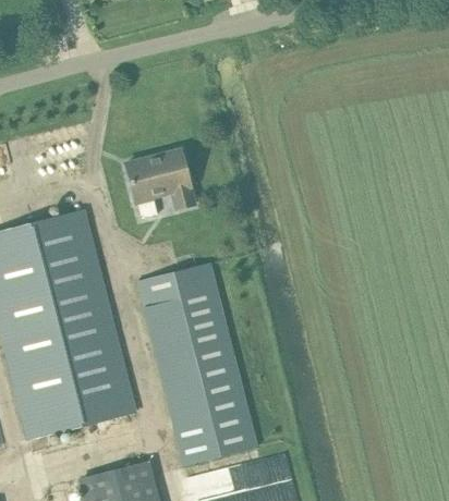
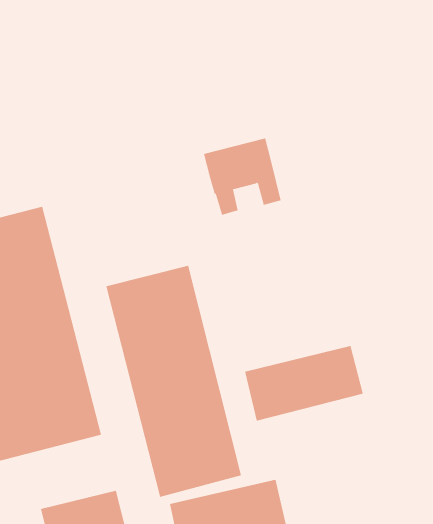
building: [123,150,193,219] -> [203,138,282,215]
building: none -> [244,345,363,421]

